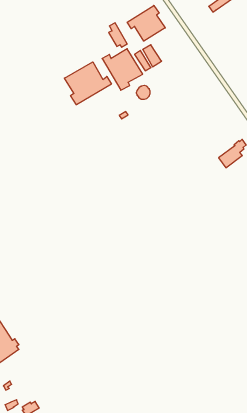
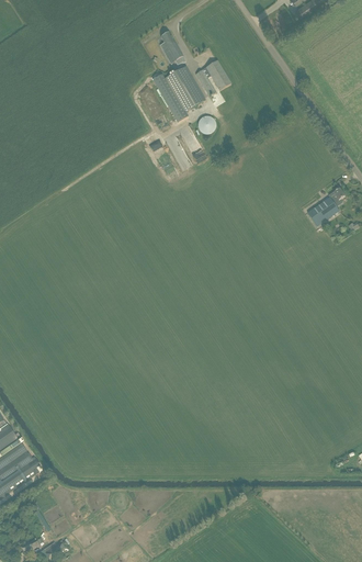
building: [127,5,165,41] -> none
building: [64,62,111,105] -> none

